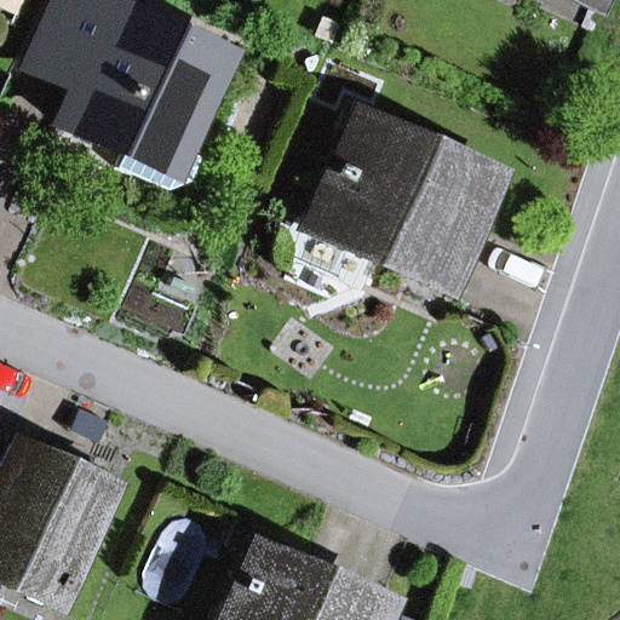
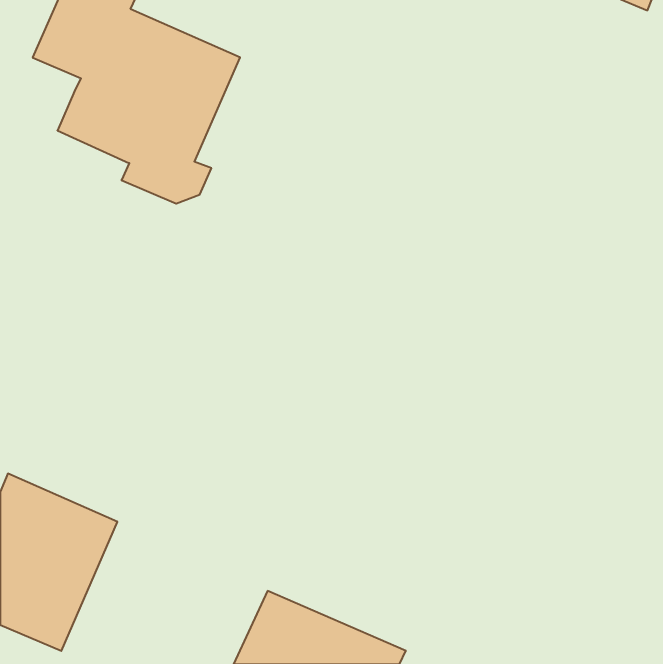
building: [310,111,495,280] -> none

